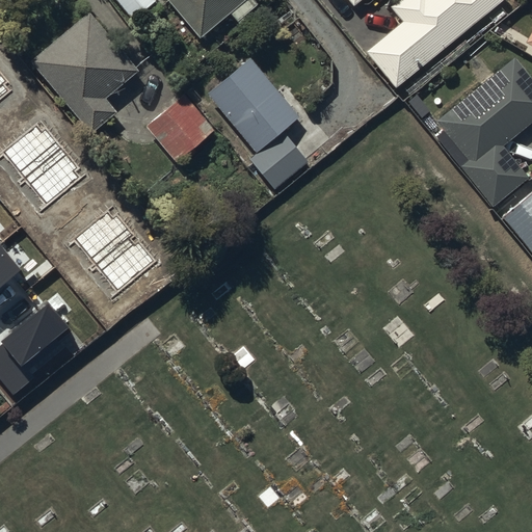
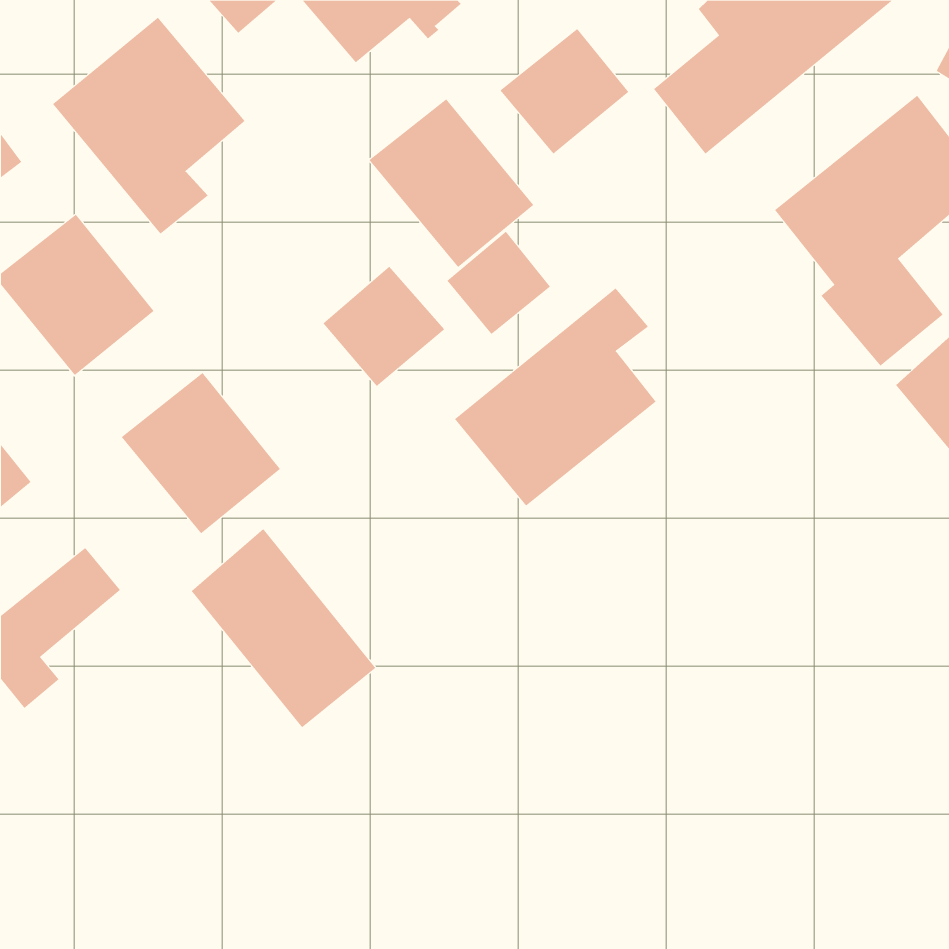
building: none -> [499,28,629,155]
building: [147,94,215,161] -> [322,266,445,387]
building: none -> [454,288,656,507]
building: none -> [191,528,376,728]

